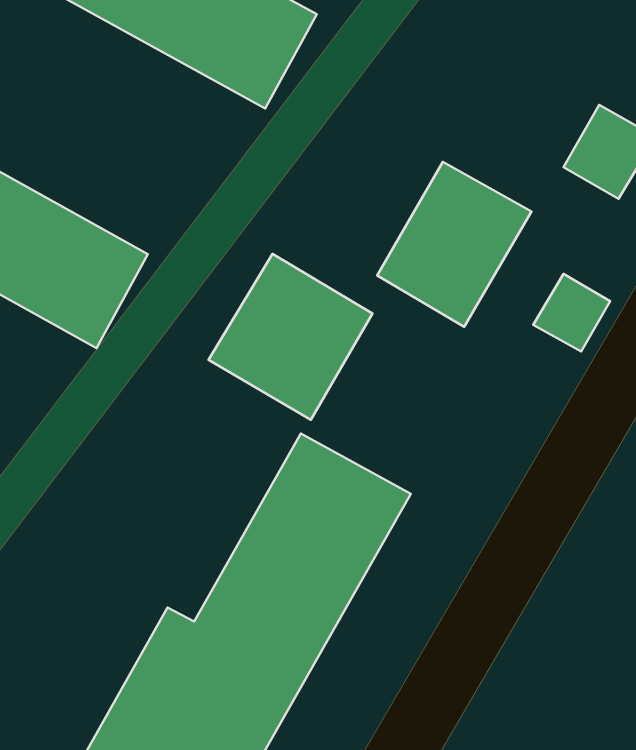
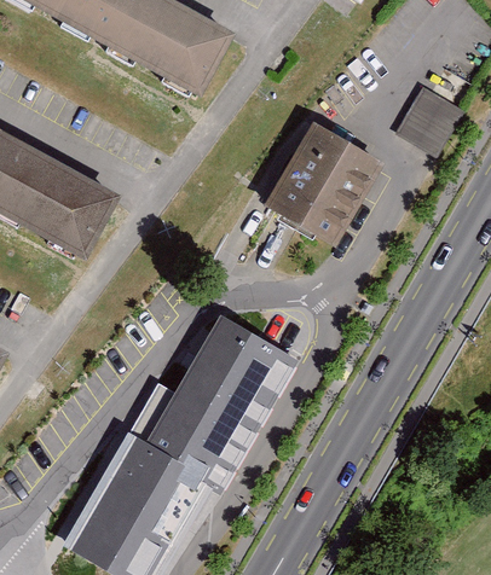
building: [208,254,373,420] -> none
building: [533,274,610,351] -> none

